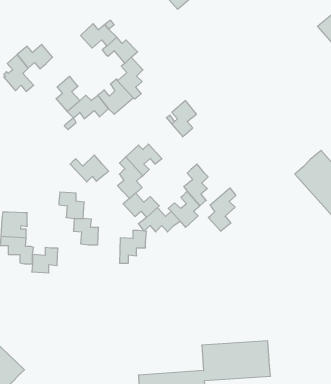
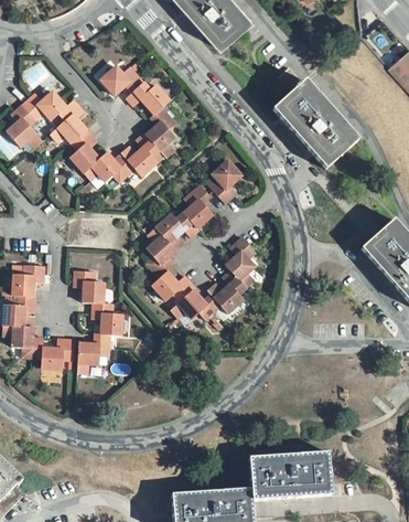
building: none -> [272,66,358,169]
building: none -> [50,99,87,142]
building: none -> [183,184,213,227]
building: [70,155,109,182] -> none
building: none -> [12,265,44,296]
building: [208,188,236,231] -> none
building: [119,230,147,263] -> [77,333,110,373]

